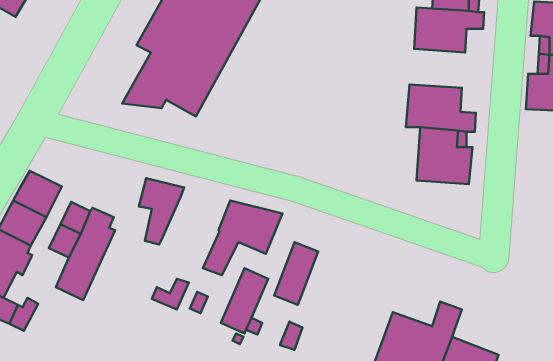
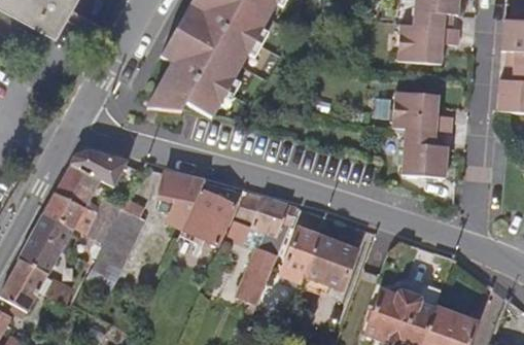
building: none -> [68,149,125,185]
building: none -> [182,187,233,240]
building: none -> [304,235,353,286]

